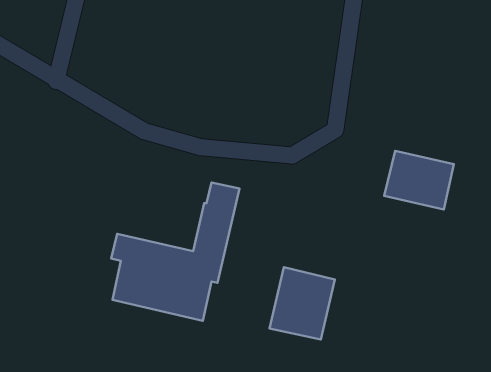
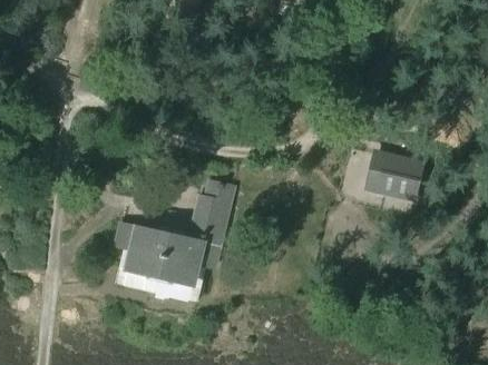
building: [269,267,335,340] -> none

